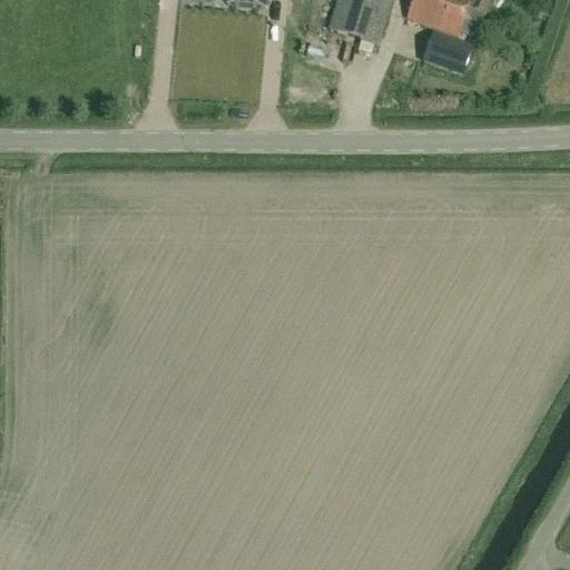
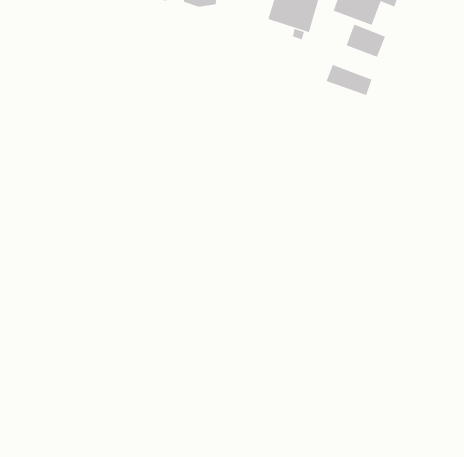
building: none -> [326,64,372,96]

